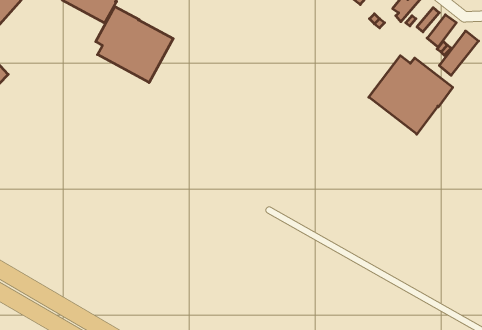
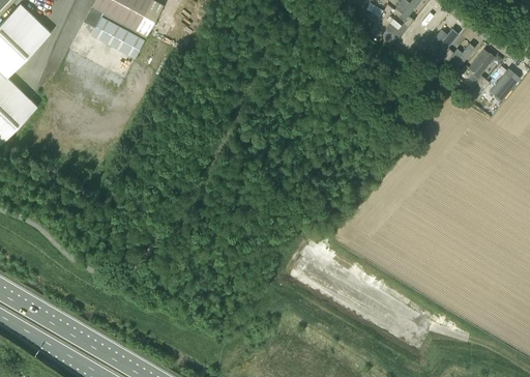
building: [96,7,173,83] -> none
building: [369,56,453,134] -> none

